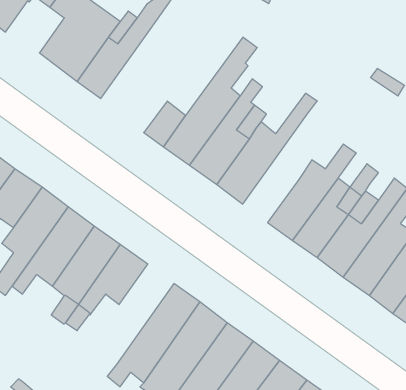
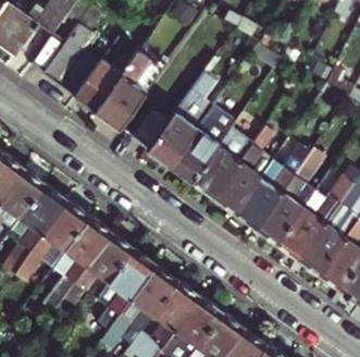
building: none -> [95,52,162,128]
building: none -> [213,122,278,213]
building: none -> [98,248,156,332]

